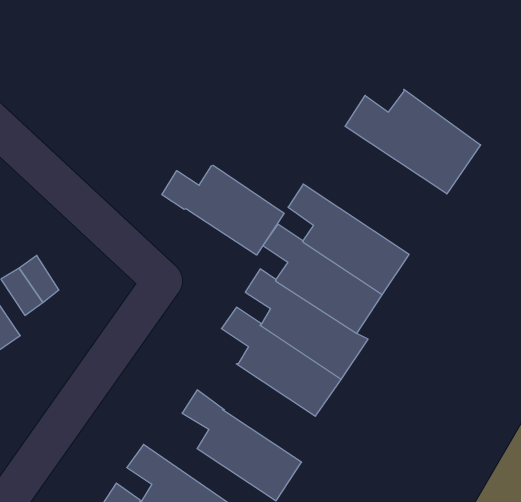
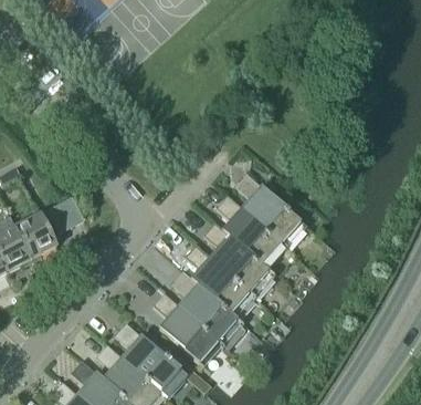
building: [345,89,481,194] -> none
building: [162,165,284,255] -> none
building: none -> [170,272,246,351]

